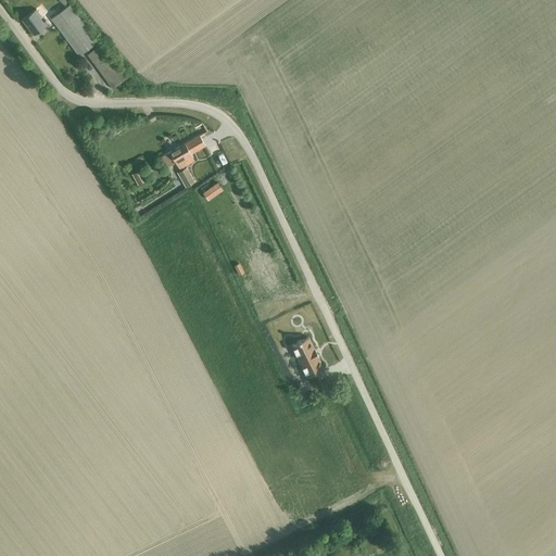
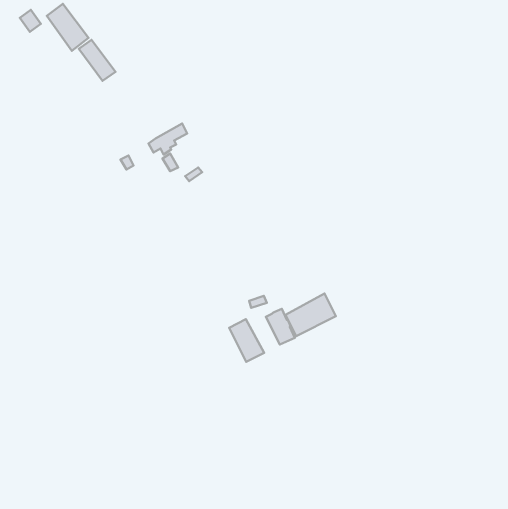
building: none -> [285,293,336,336]
building: none -> [229,319,264,362]

